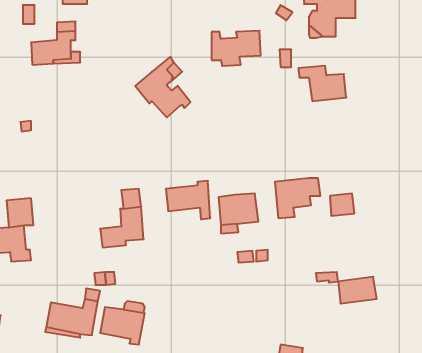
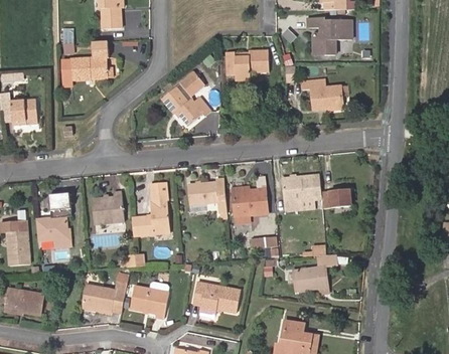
building: none -> [91,194,122,226]
building: [338,277,377,304] -> [294,267,327,290]
building: none -> [193,282,241,312]

